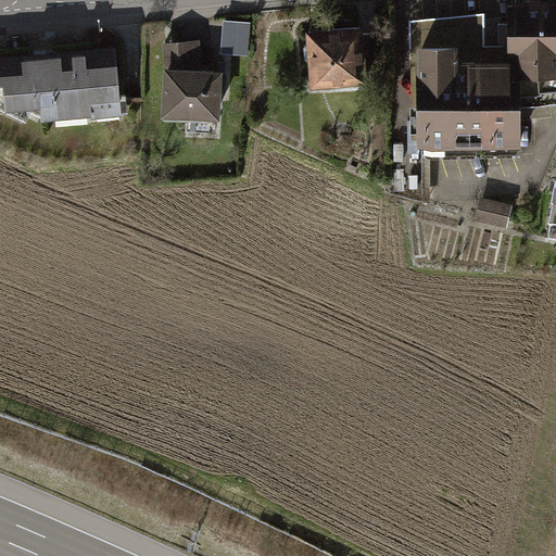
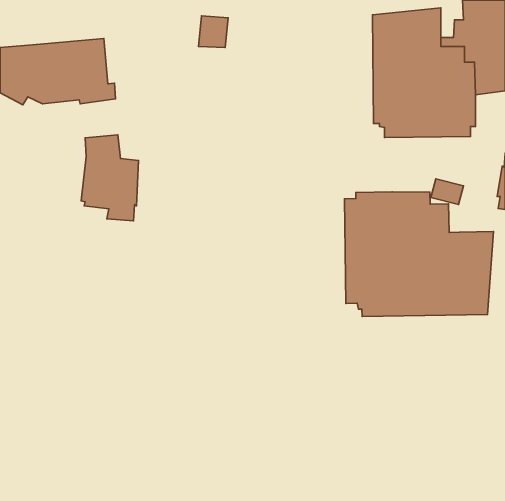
building: [312,28,371,89] -> none
building: [159,42,222,137] -> [81,135,138,221]
building: none -> [345,192,494,316]

